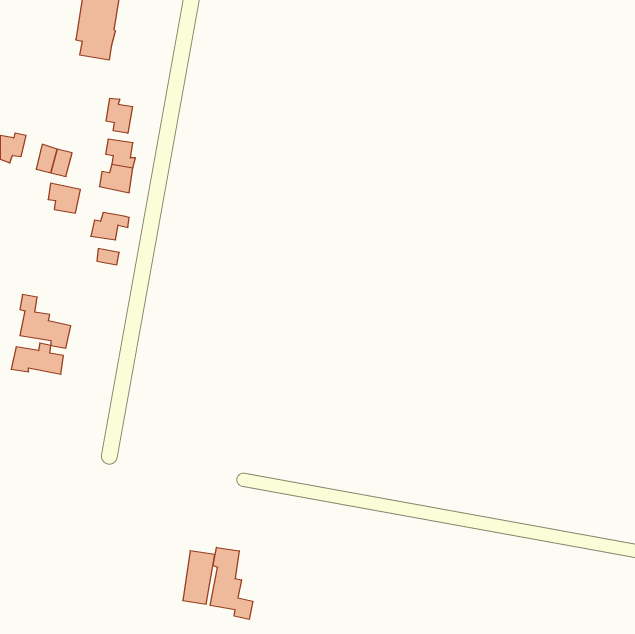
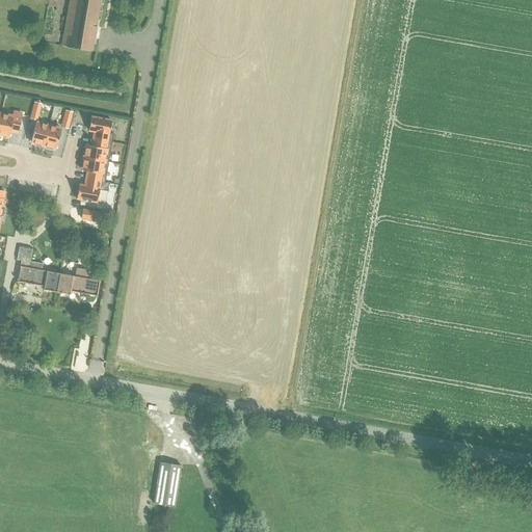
building: [106,98,133,133] -> none
building: [48,183,80,213] -> [81,156,108,181]
building: [11,343,63,374] -> [55,269,99,295]
building: [210,547,253,619] -> none

